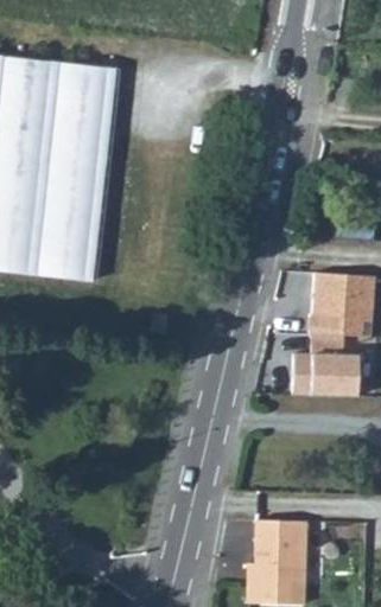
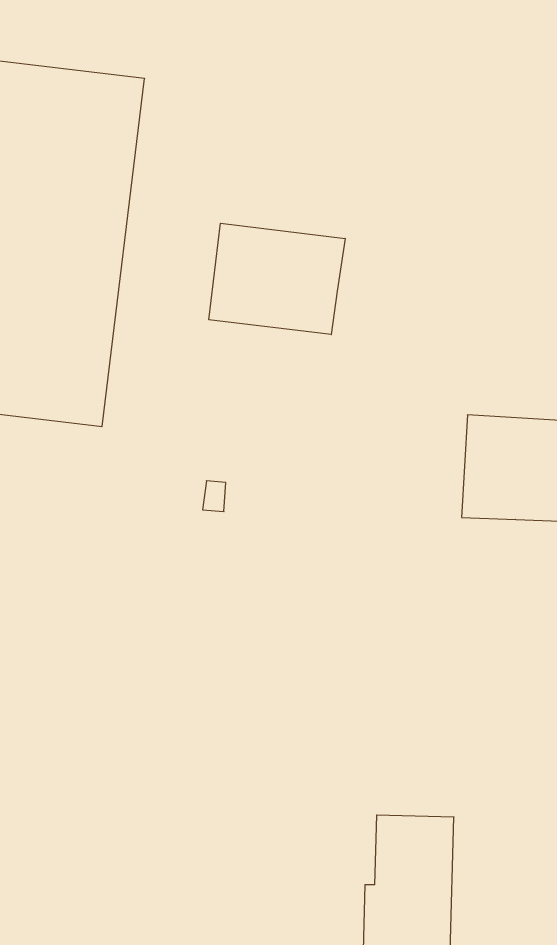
building: none -> [209,223,345,335]
building: [294,337,358,397] -> none

